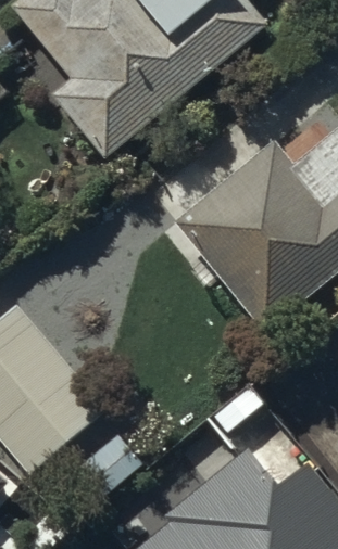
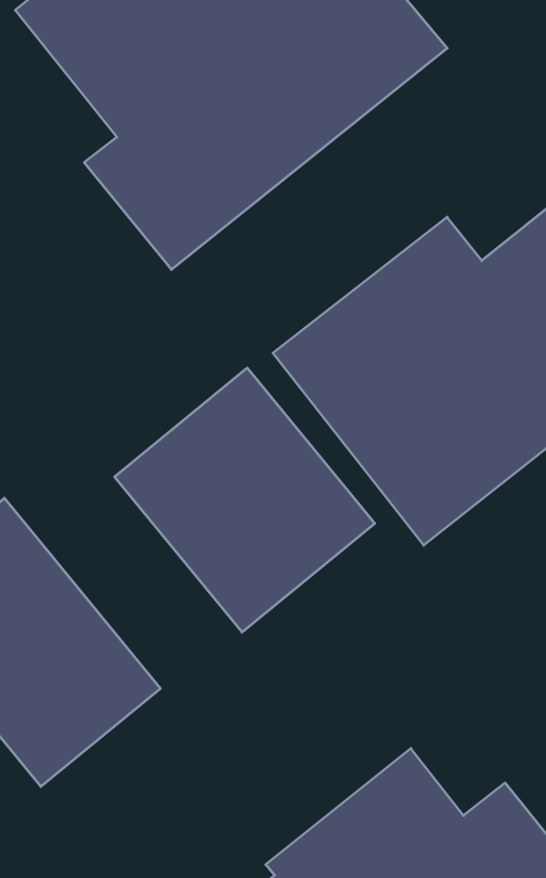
building: none -> [115,368,375,632]

